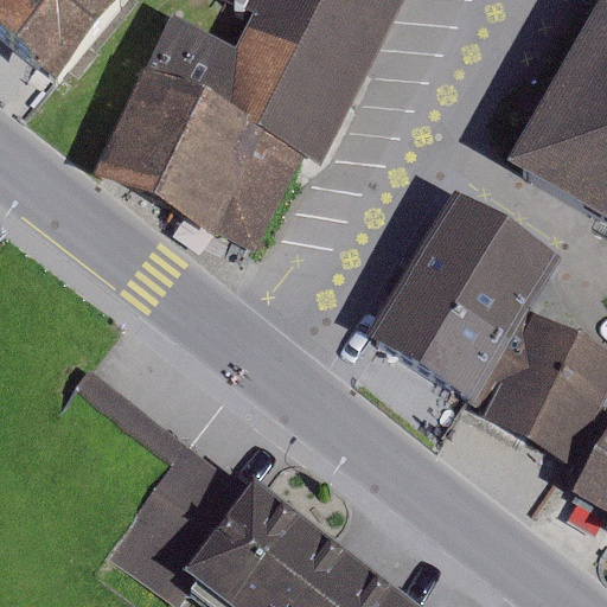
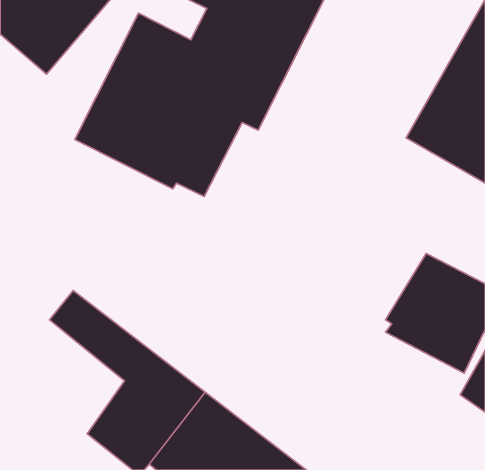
building: [366,199,564,408] -> none

